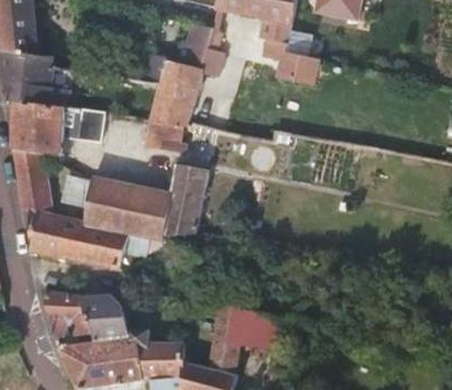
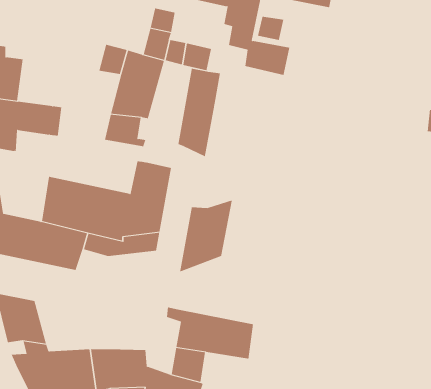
building: none -> [178,68,220,157]
building: none -> [179,199,232,273]
building: [79,293,147,343] -> none

